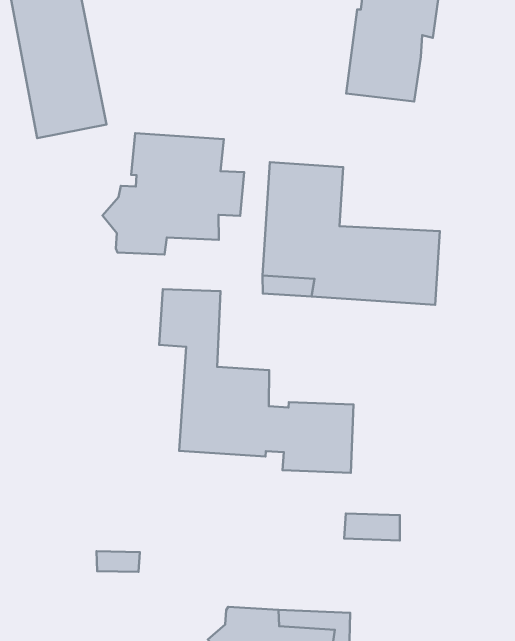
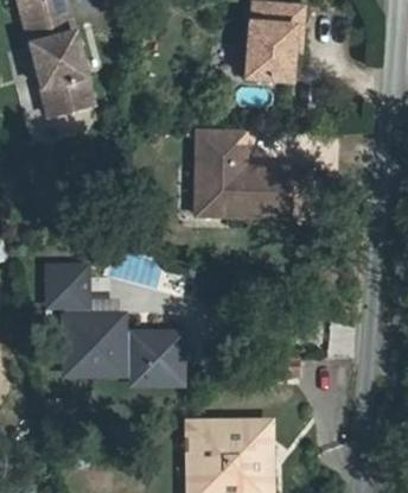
building: [102,133,244,254] -> none
building: [159,289,353,473] -> [47,259,179,374]

